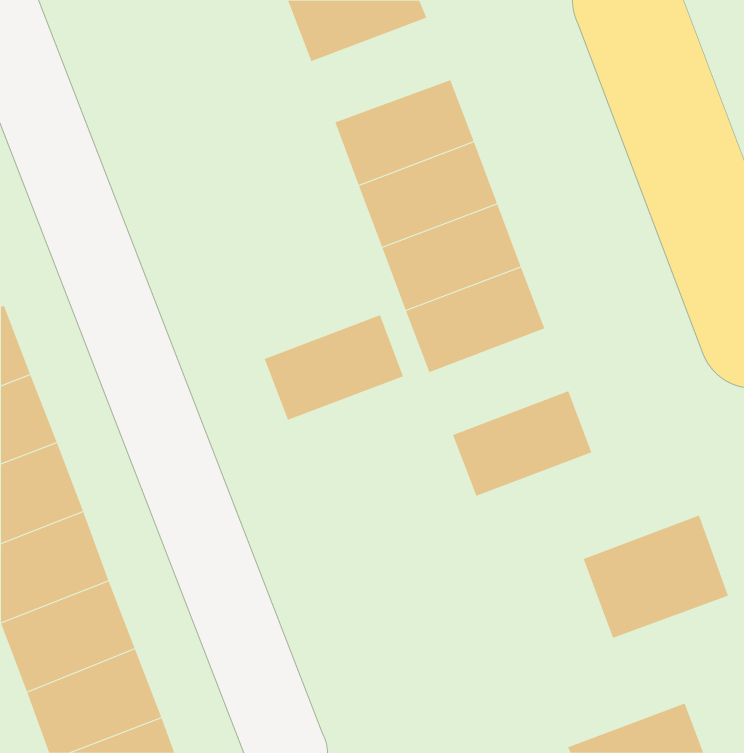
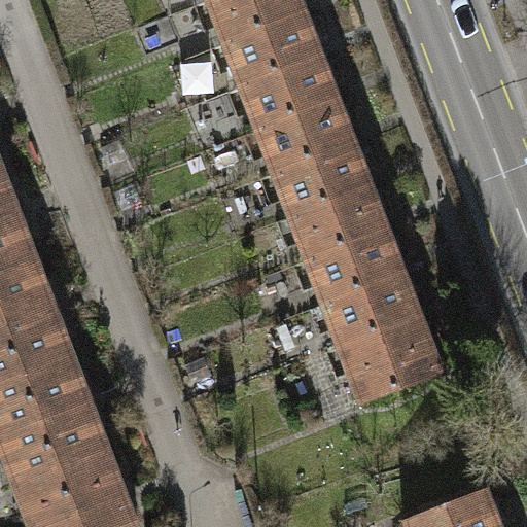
building: none -> [223,12,321,85]
building: [264,315,404,421] -> [306,230,403,304]
building: [583,515,729,638] -> [339,316,441,402]

